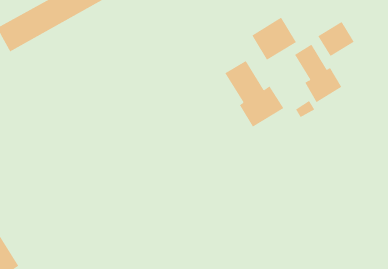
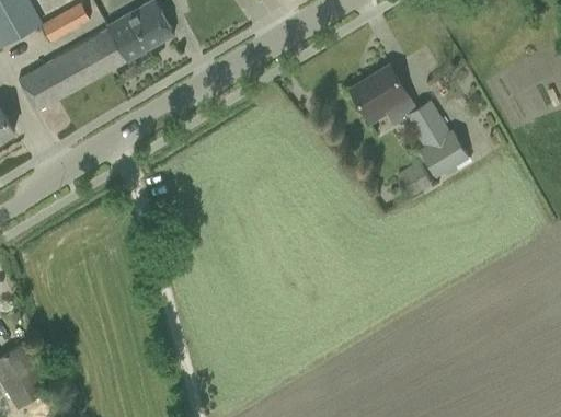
building: [317,21,355,57] -> none
building: [225,60,284,127] -> none

